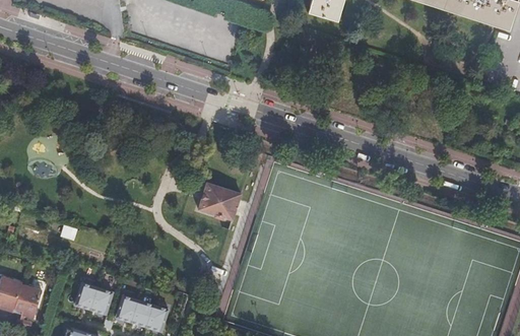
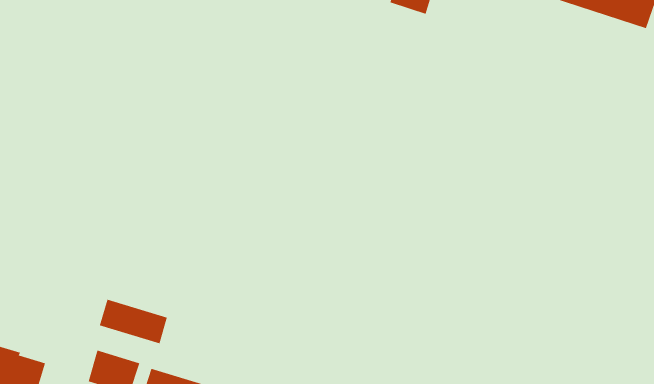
building: [199,183,241,220] -> none
building: none -> [99,299,167,344]

